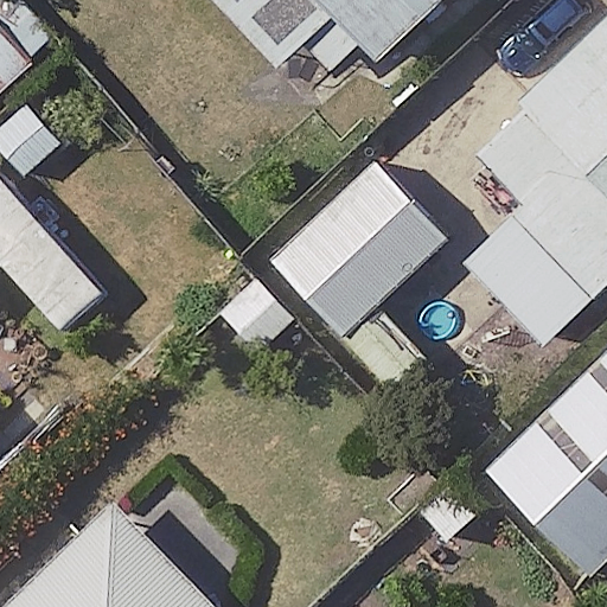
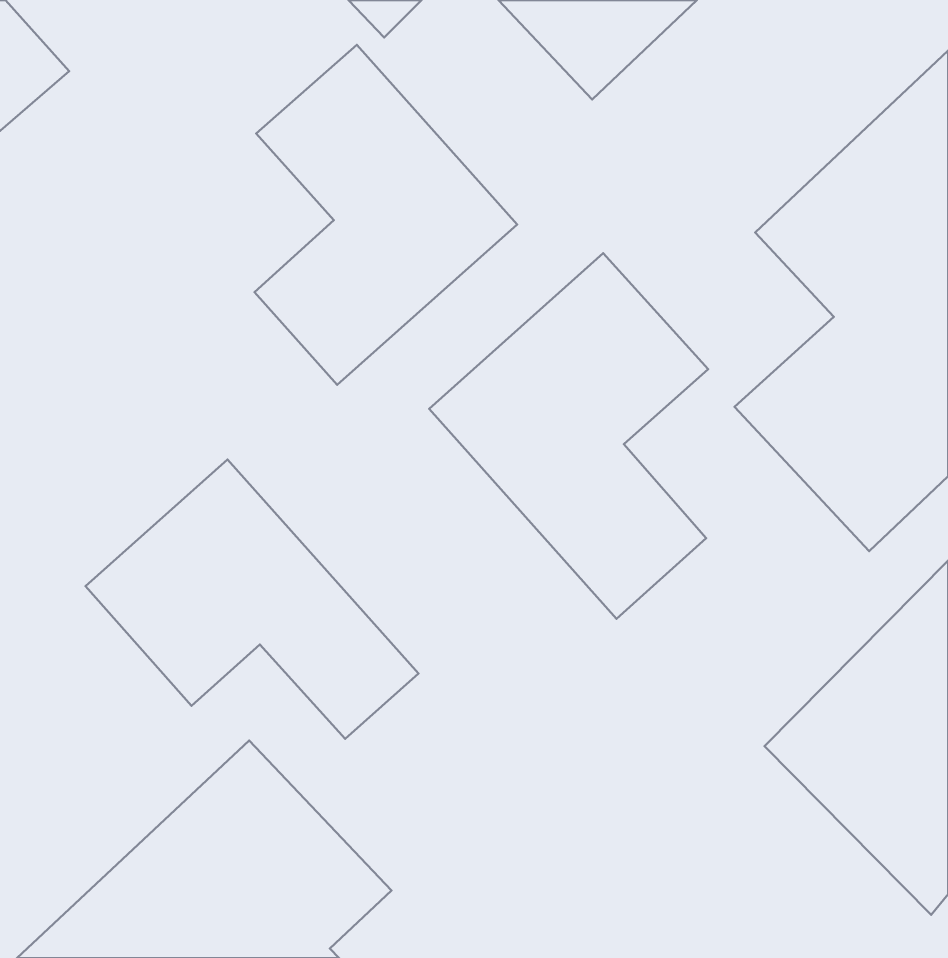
building: none -> [255,45,517,385]
building: none -> [86,459,418,739]

